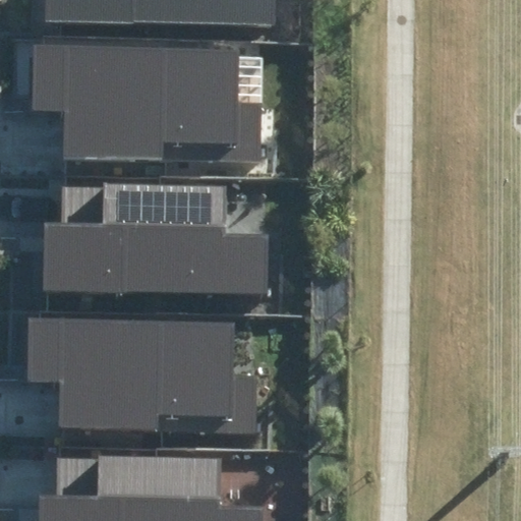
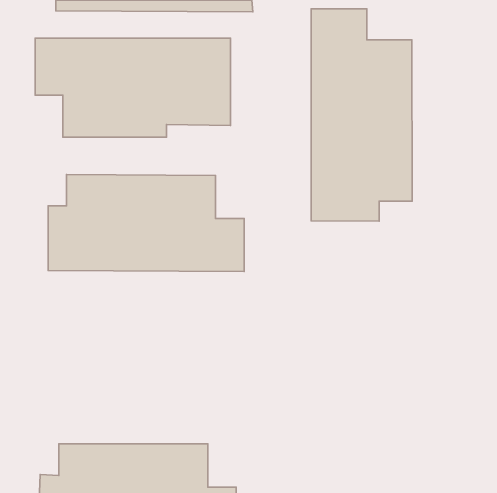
building: none -> [311,9,412,221]
building: [27,330,230,432] -> none

